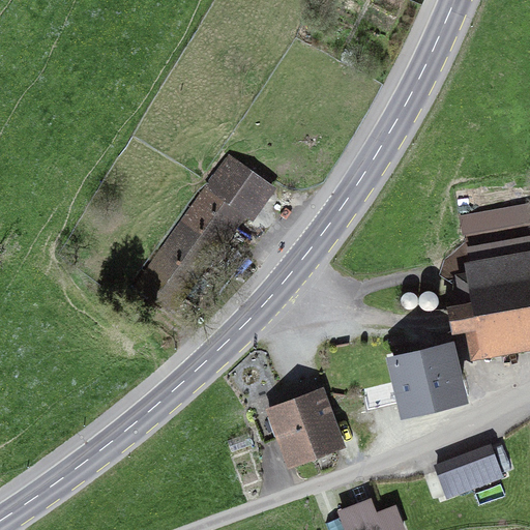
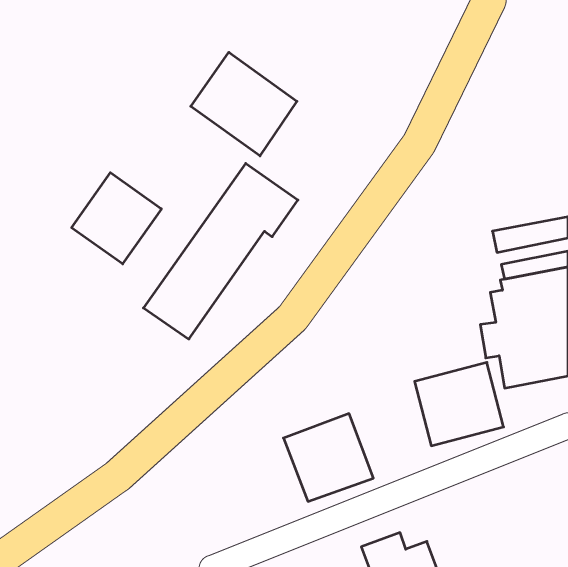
building: none -> [191,52,297,156]
building: none -> [72,173,161,264]
building: [433,443,504,499] -> none

